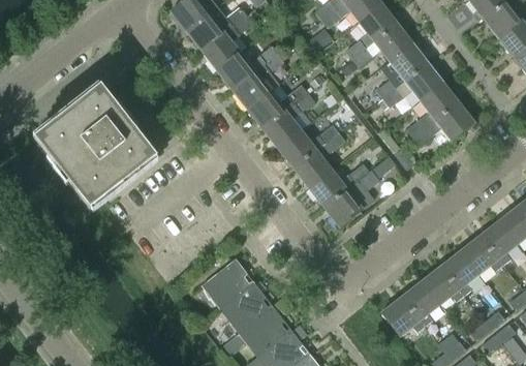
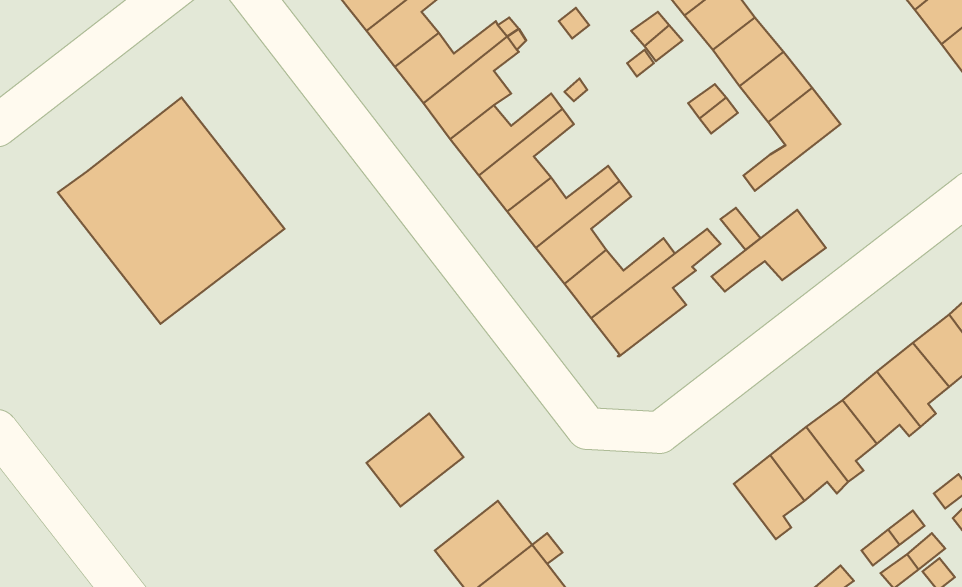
building: [412,101,474,146] -> [712,210,826,292]
building: [220,282,273,333] -> none
building: [380,297,424,337] -> none

